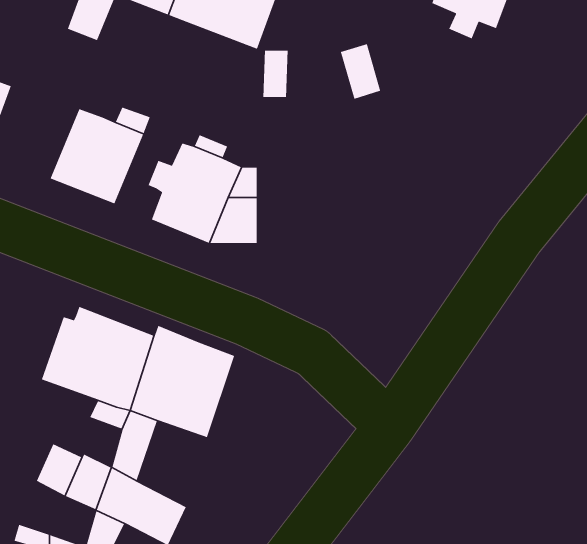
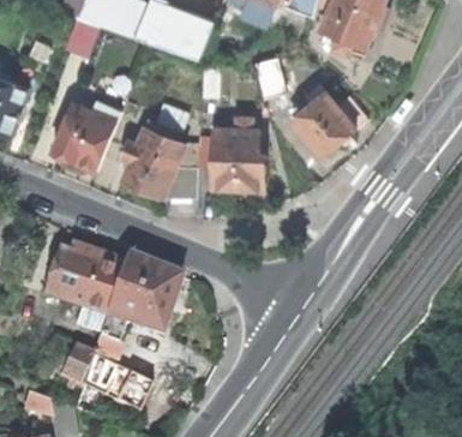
building: none -> [289,83,368,156]
building: none -> [212,118,266,190]

